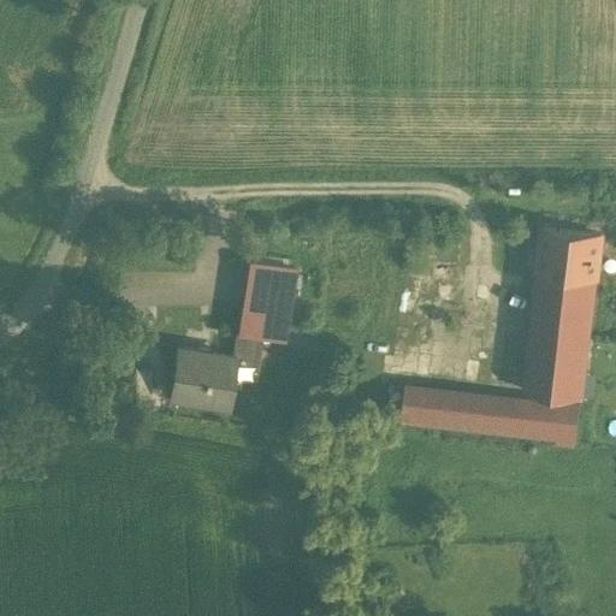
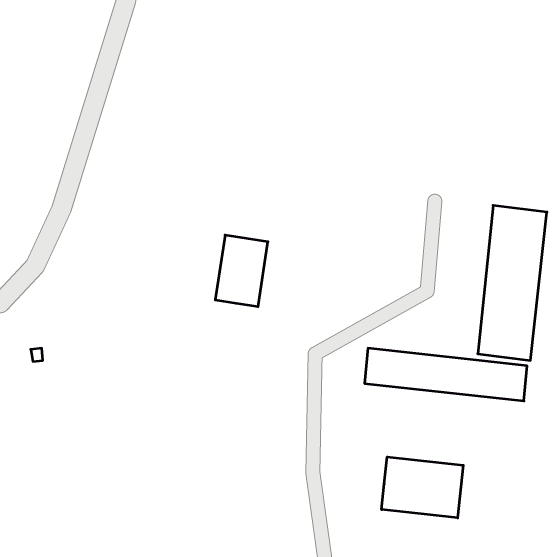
building: [170,333,261,405] -> none
building: none -> [382,457,463,518]

